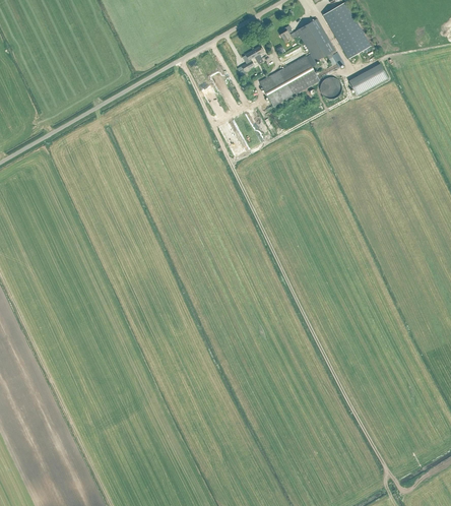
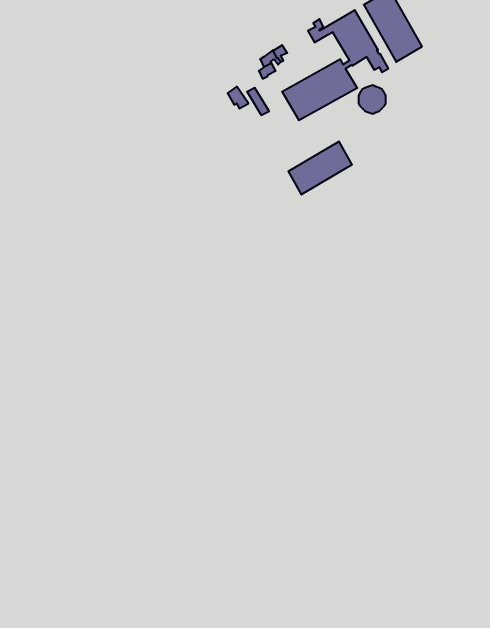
building: [348,63,388,94] -> none
building: none -> [288,141,352,195]

